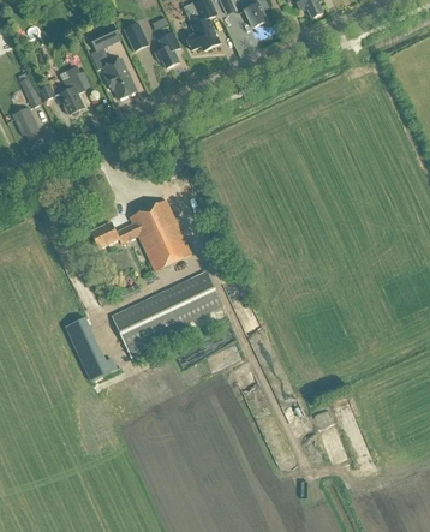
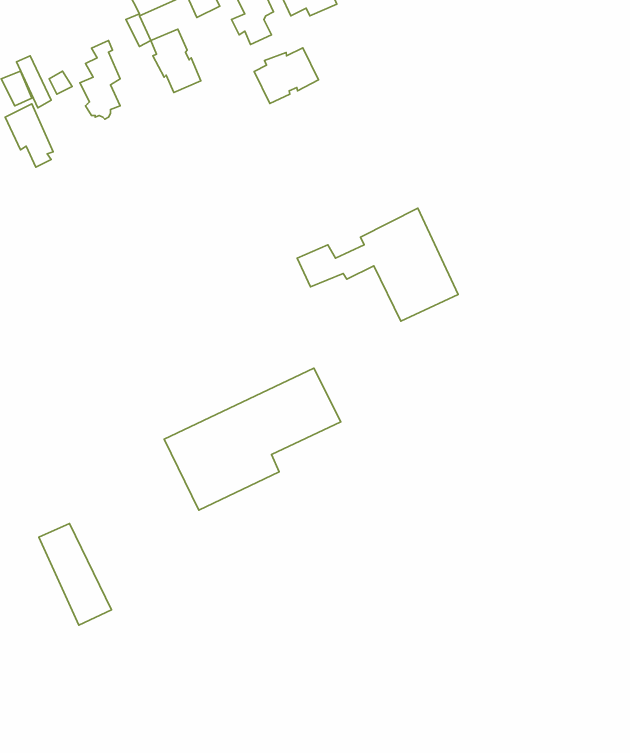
building: none -> [254,48,318,104]
building: [90,198,191,269] -> [297,208,458,321]
building: [65,316,111,379] -> [39,524,112,625]

